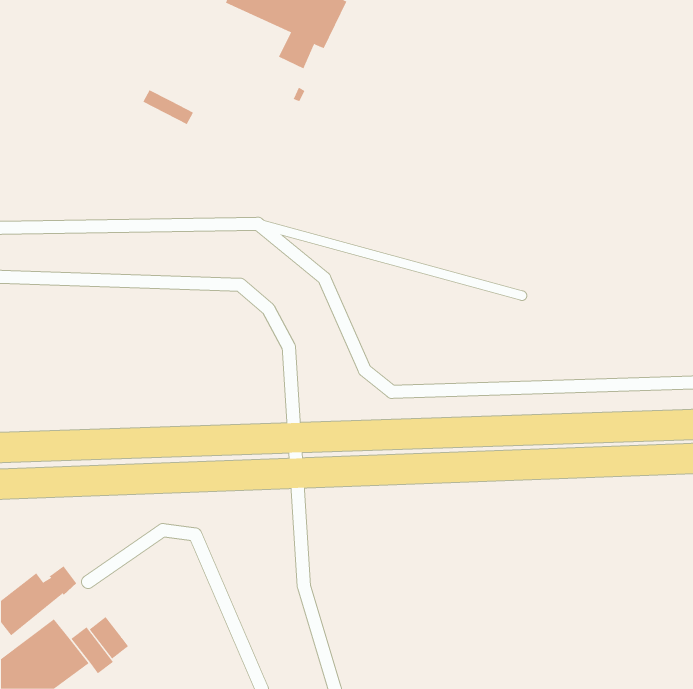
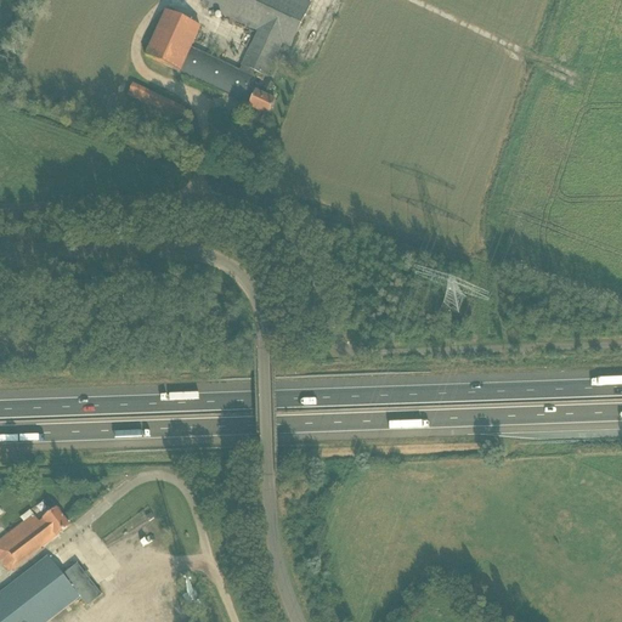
building: none -> [146,9,276,113]
building: [89,616,129,660] -> none

